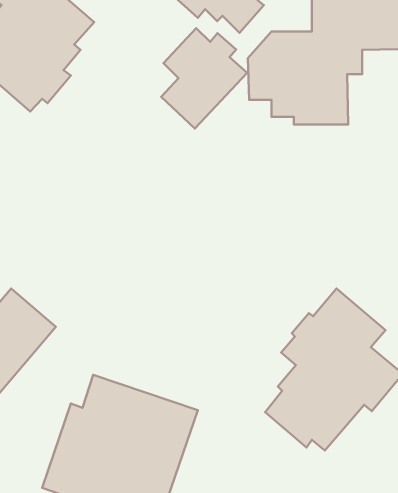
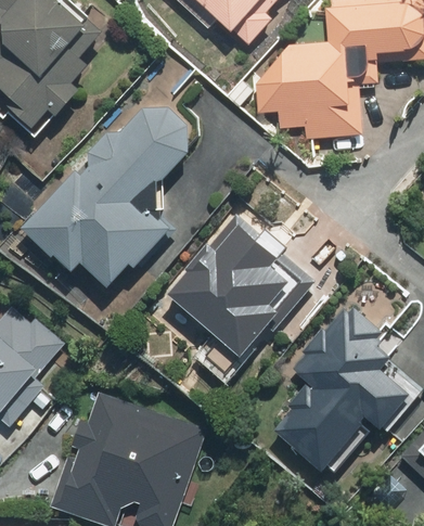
building: [161,28,247,128] -> none
building: none -> [17,99,190,287]
building: none -> [165,215,316,359]

